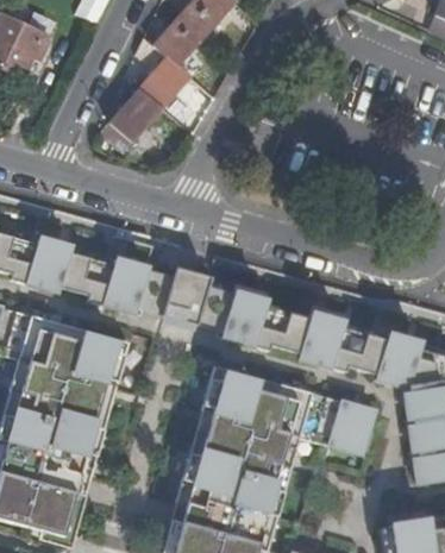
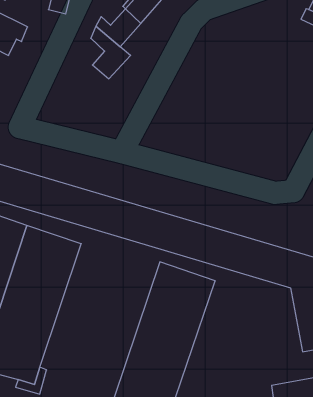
building: [99,90,161,153] -> none
building: [321,396,370,450] -> none

